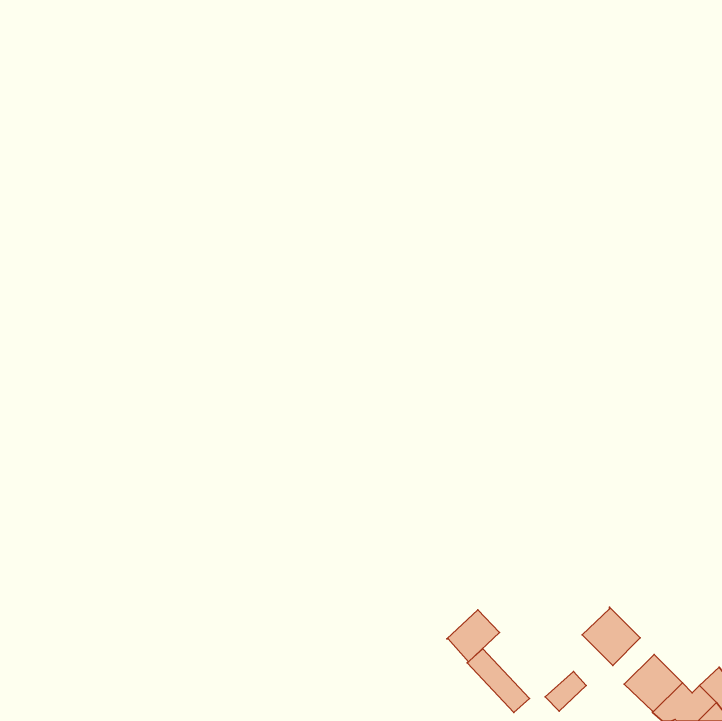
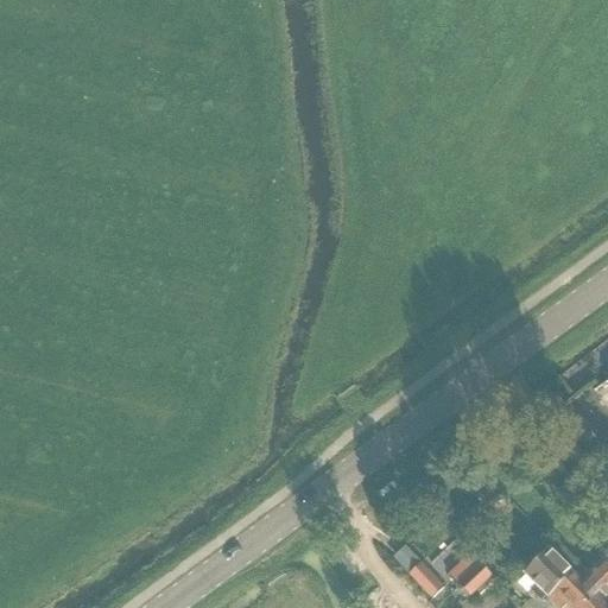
building: [582,607,640,665] -> none
building: [447,610,499,662] -> none

